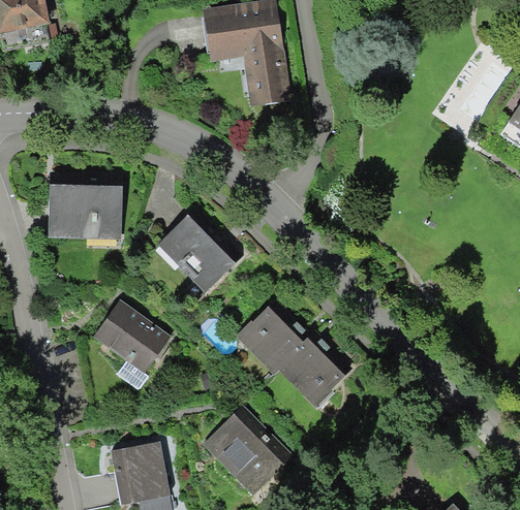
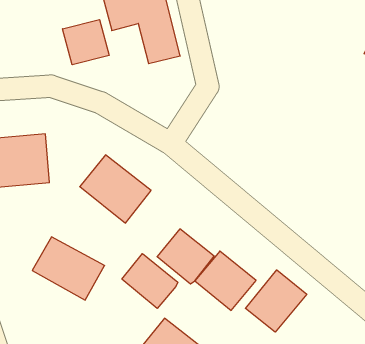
building: none -> [63,20,109,65]
building: none -> [122,254,178,308]
building: none -> [245,270,307,332]

